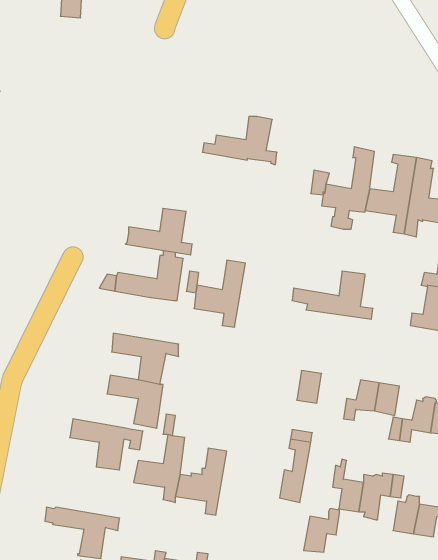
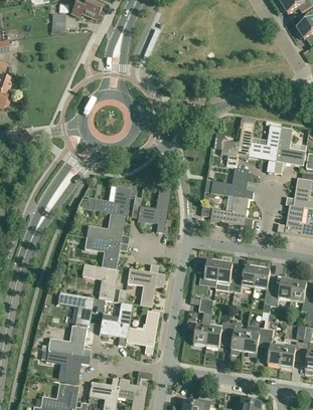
building: [202,117,277,165] -> [203,169,252,200]
building: [125,208,192,255] -> [85,213,128,243]
building: none -> [215,262,236,291]
building: none -> [126,263,164,306]
building: none -> [40,325,90,356]
building: [304,509,339,552] -> [205,319,228,347]

